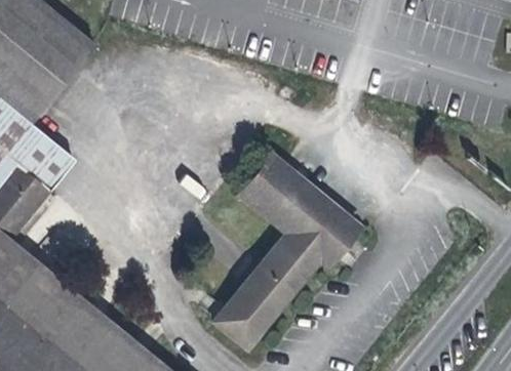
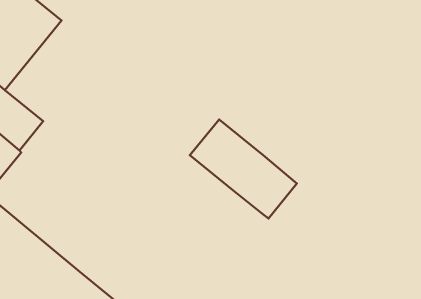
building: [213,234,318,347] -> none

